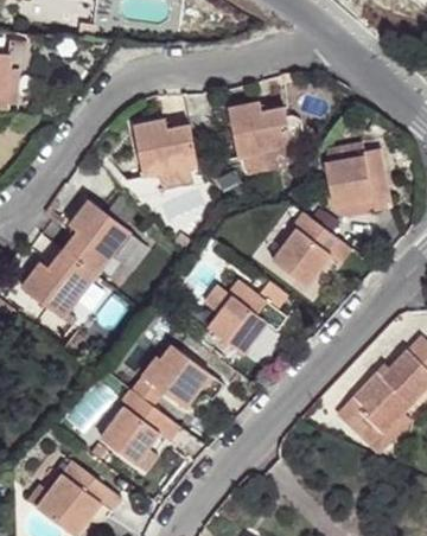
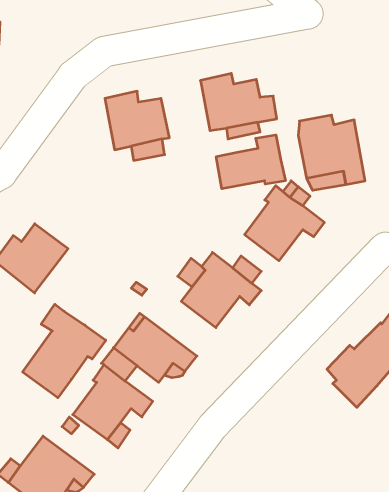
building: none -> [216,135,285,189]
building: [63,200,129,275] -> none
building: none -> [23,304,106,398]
building: [337,395,409,451] -> none

